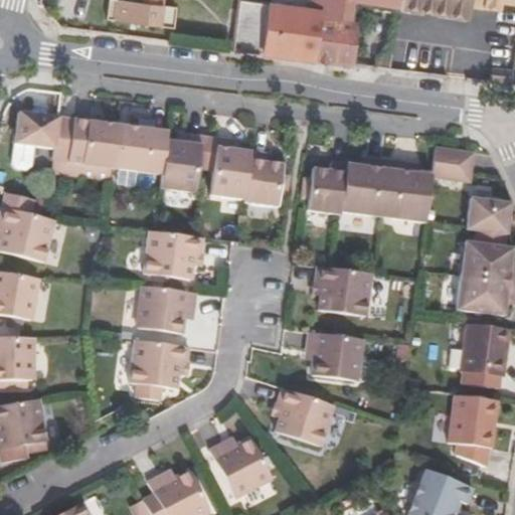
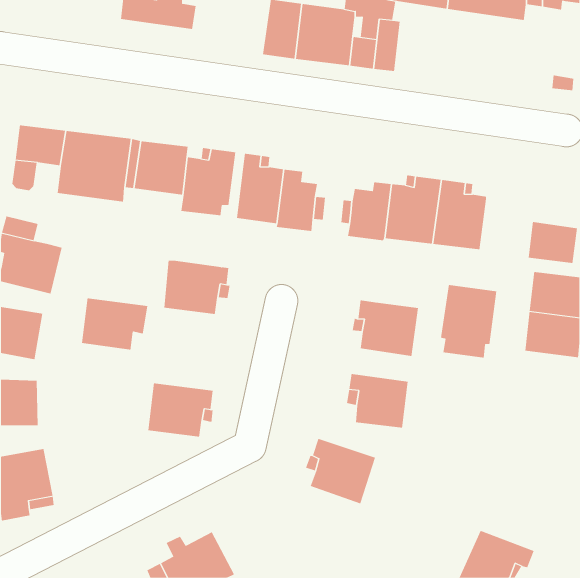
building: [432,146,476,182] -> none
building: [138,286,197,332] -> [81,298,148,350]
building: [460,323,510,388] -> [440,284,497,358]
building: [448,394,498,467] -> none
building: [208,438,271,496] -> none

